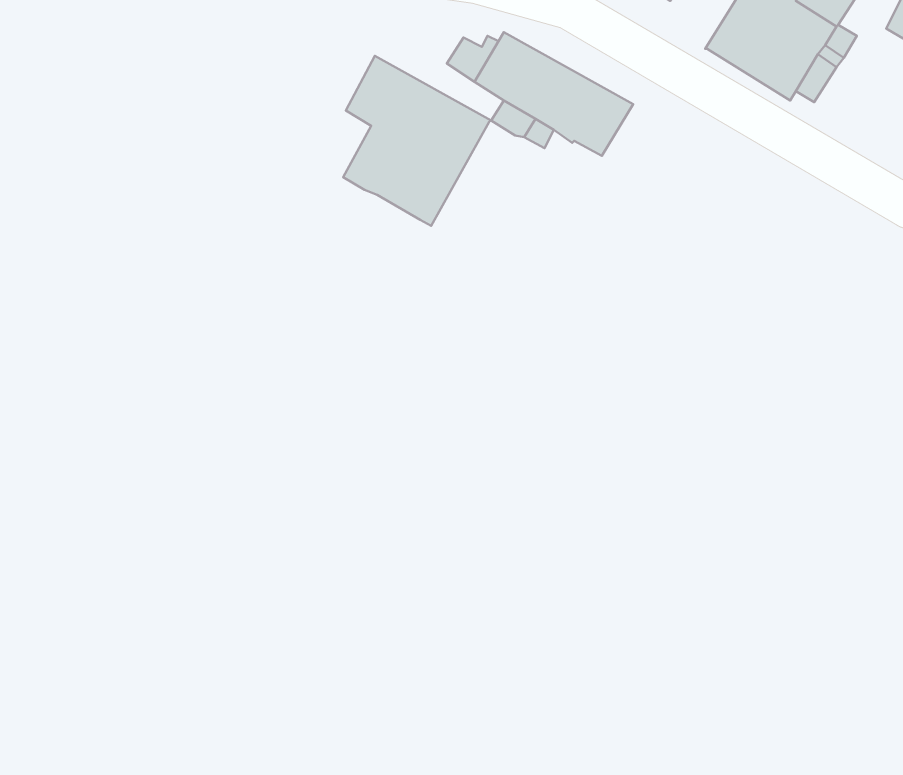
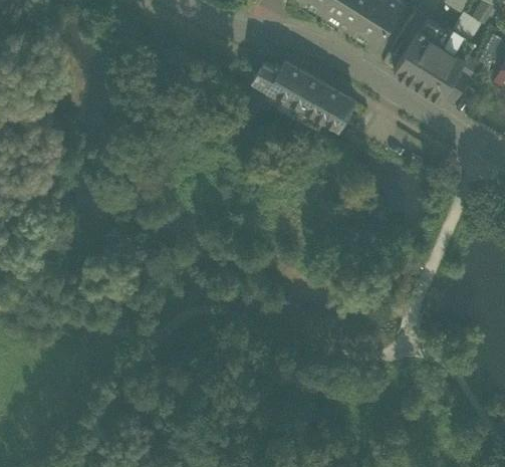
building: [343,56,491,226] -> none

